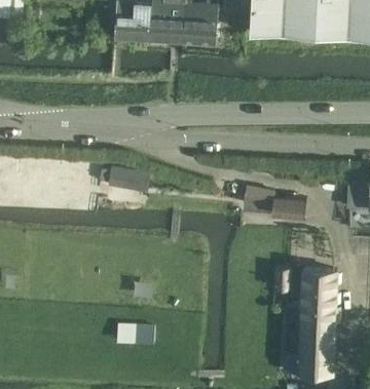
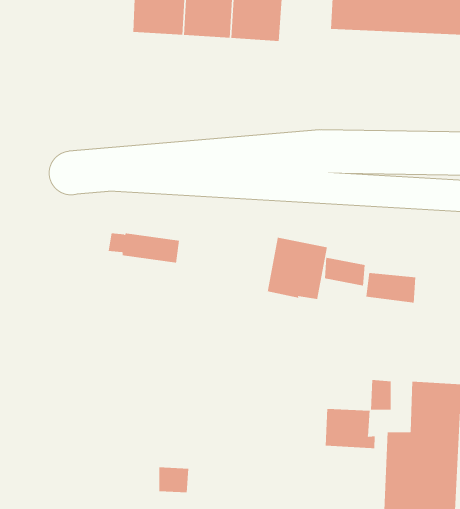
building: none -> [267,237,328,300]
building: none -> [325,408,375,449]

